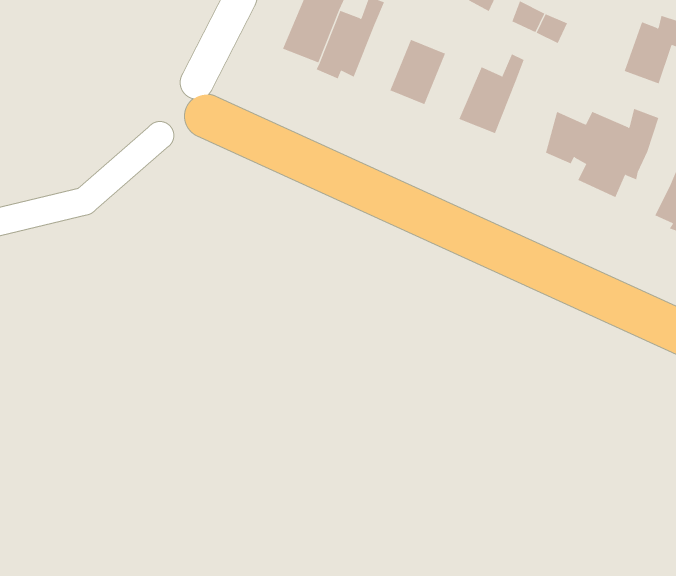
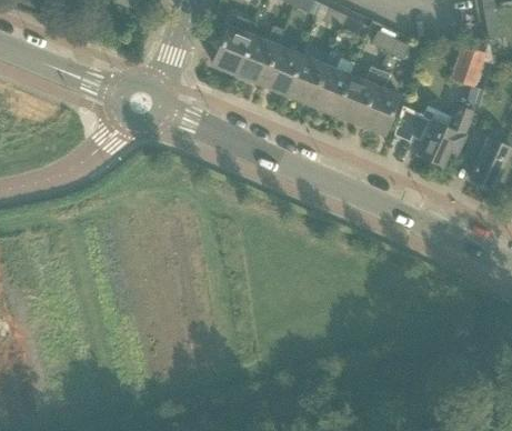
building: none -> [263,46,302,91]
building: none -> [312,51,351,117]
building: none -> [361,70,400,131]

